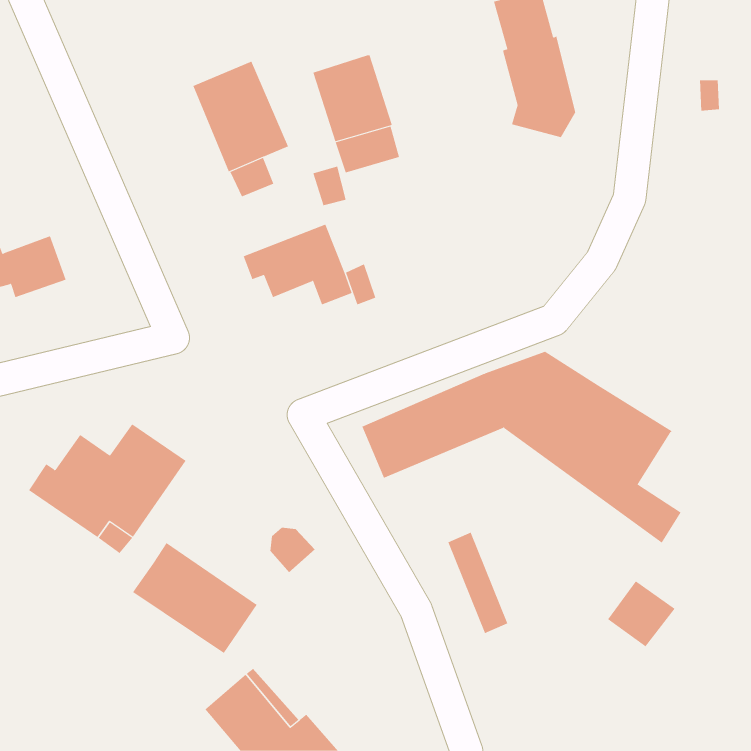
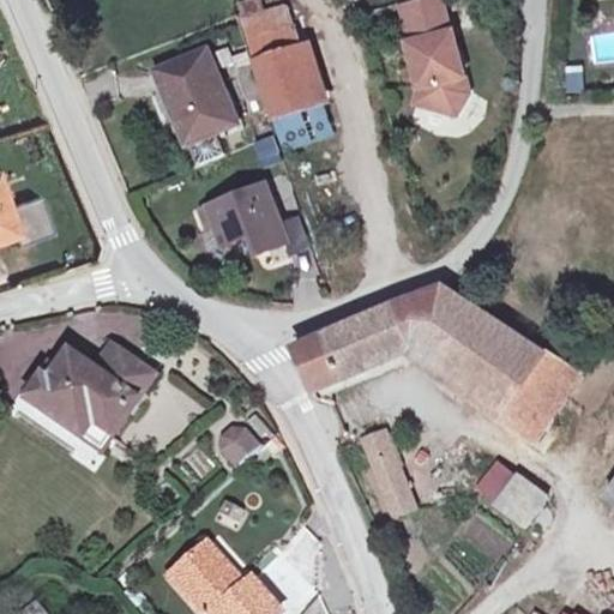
building: none -> [241,5,297,59]
building: none -> [517,349,580,415]
building: [133,542,257,654] -> none

